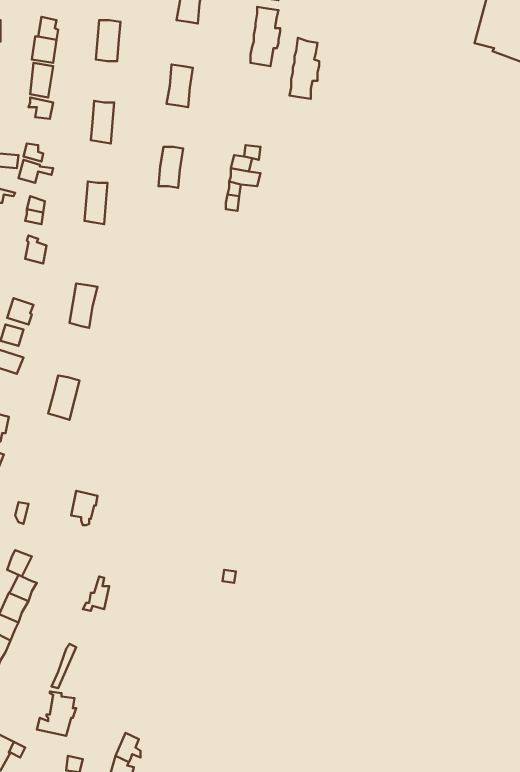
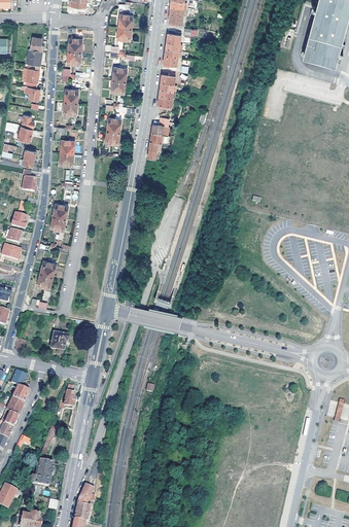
building: [289,38,319,99] -> [158,70,176,108]

